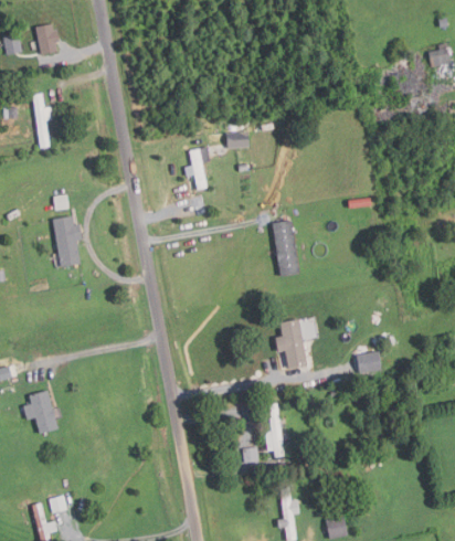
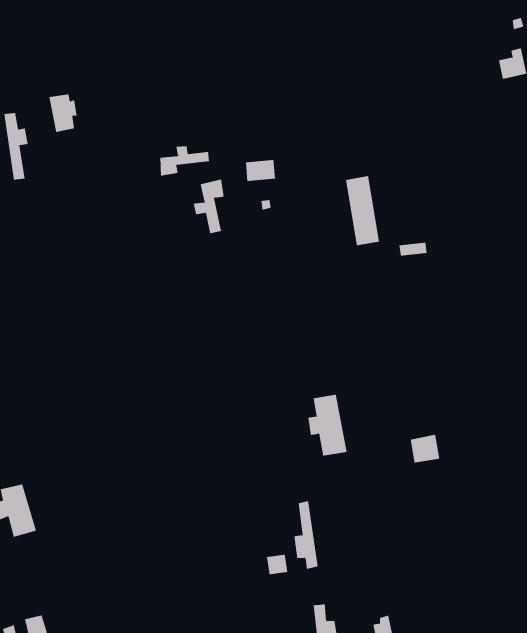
building: [35,24,59,55] -> [48,94,77,133]
building: none -> [160,145,209,176]
building: [52,216,81,267] -> none
building: [272,222,299,278] -> [345,176,380,246]

